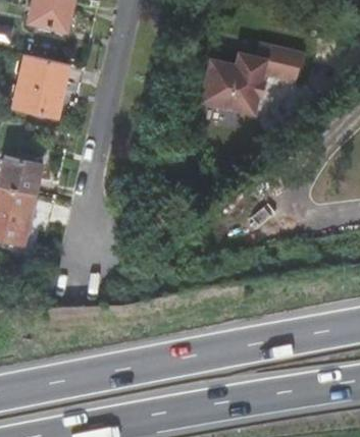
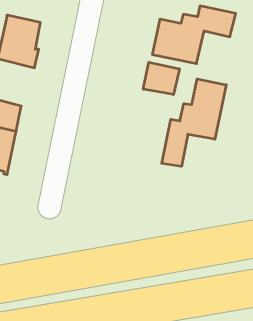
building: none -> [143,62,179,95]
building: none -> [162,79,226,166]

